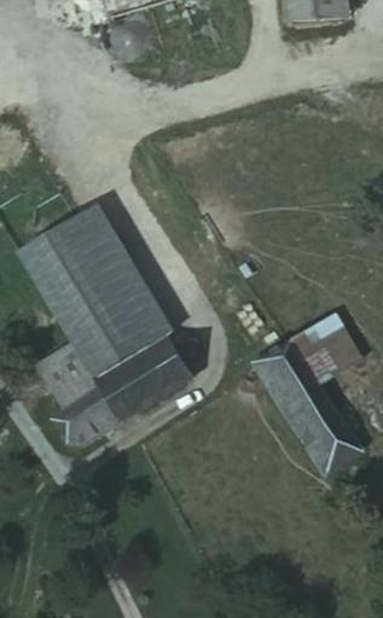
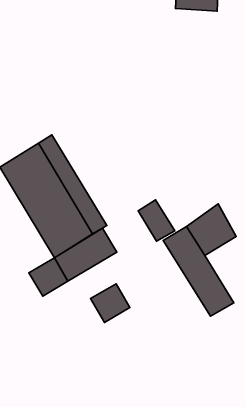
building: none -> [138,200,175,241]
building: [35,343,98,408] -> none
building: none -> [90,284,130,323]

